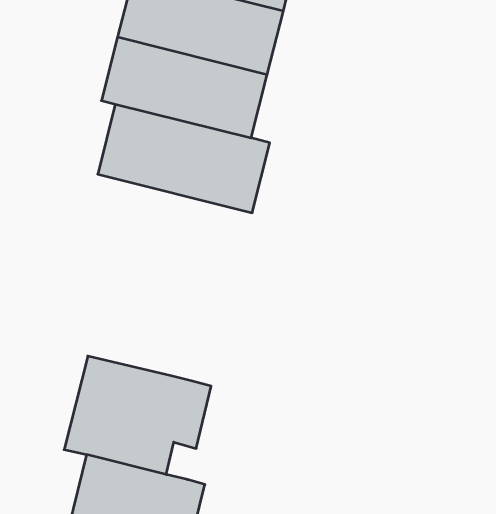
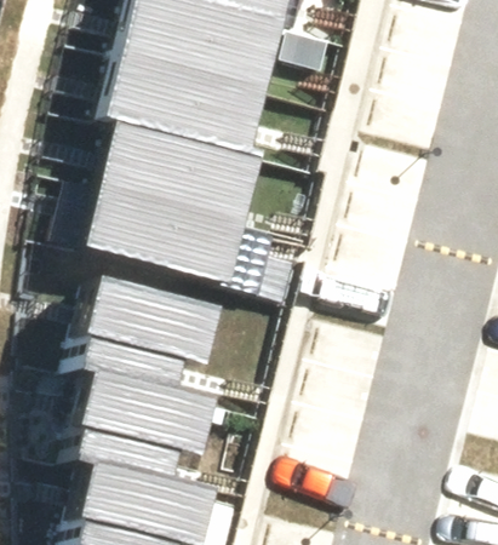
building: none -> [85,183,251,283]
building: none -> [71,269,213,379]

